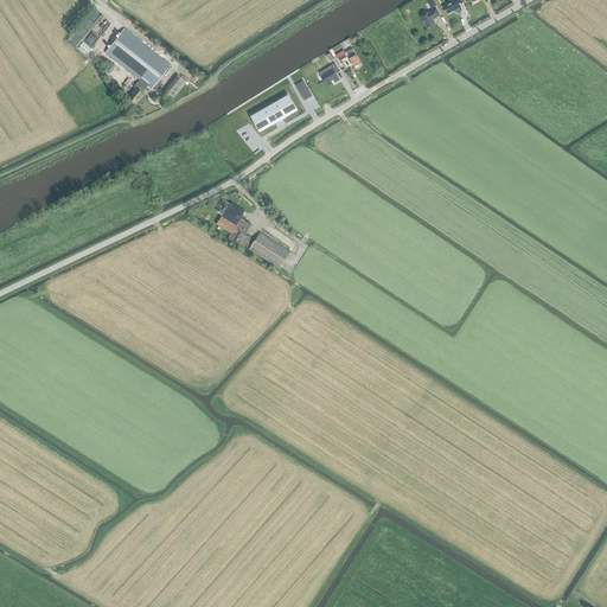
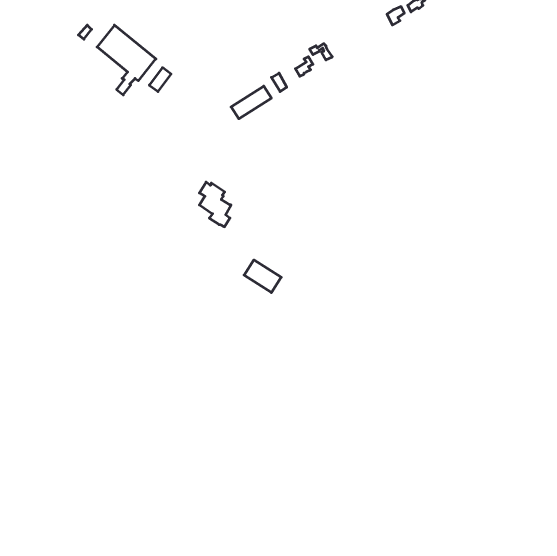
building: [250,231,290,267] -> [244,260,281,293]

